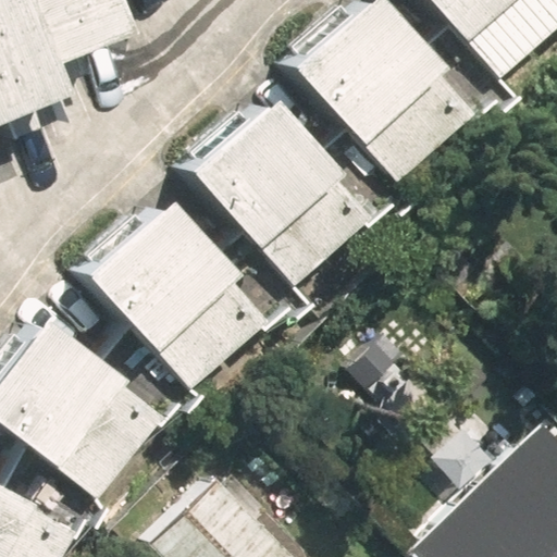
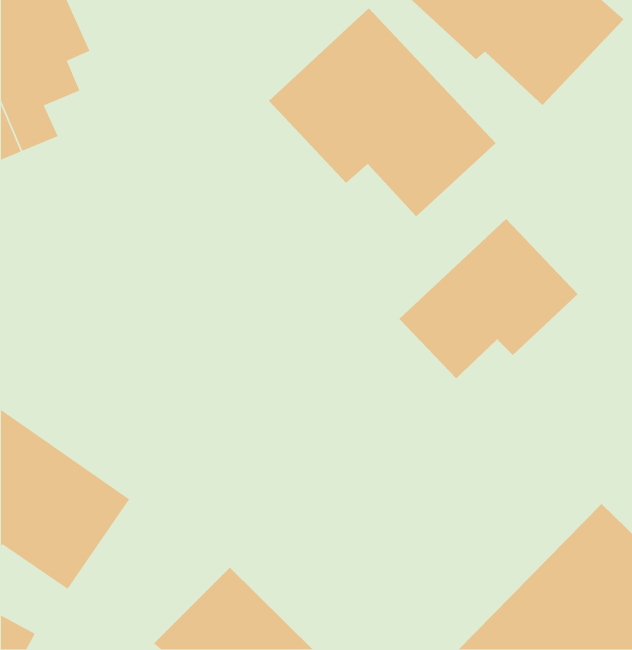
building: [148,110,338,292] -> none
building: none -> [399,218,579,379]
building: [45,218,234,399] -> none

